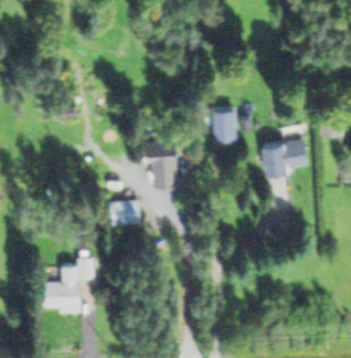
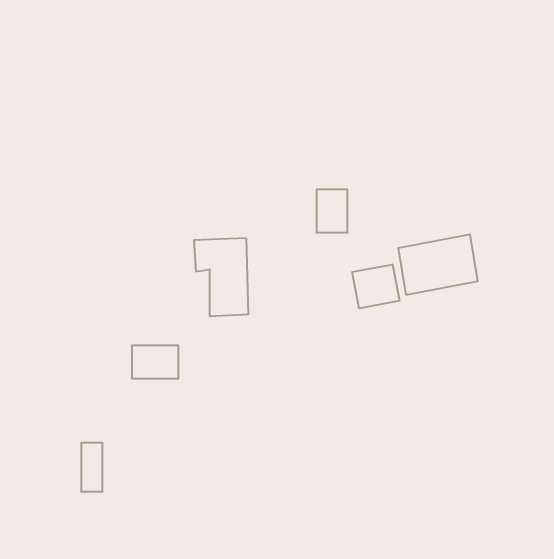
building: none -> [352,264,399,308]
building: [43,265,76,307] -> none

